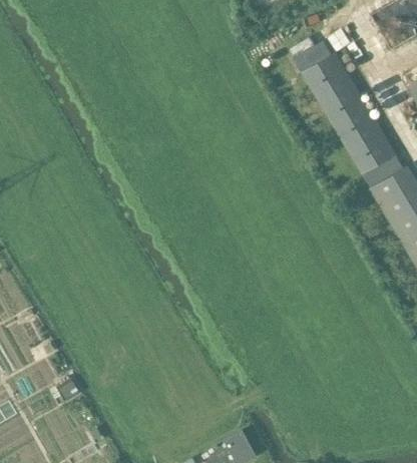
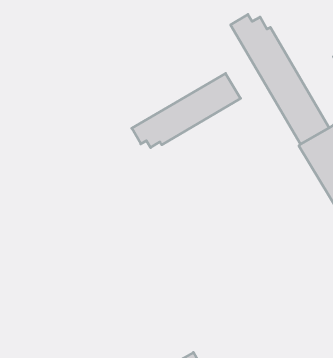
building: none -> [132,73,241,148]

